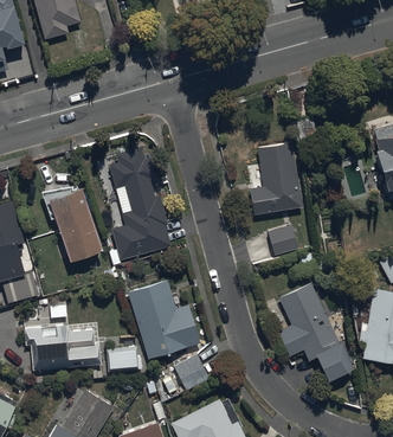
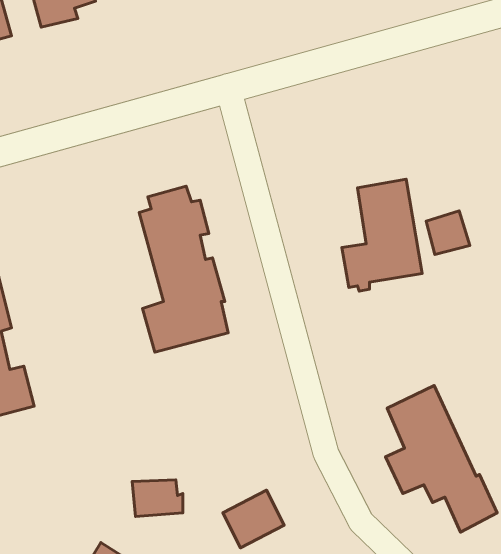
building: [46,185,102,262] -> none
building: [268,224,297,253] -> [426,211,470,254]
building: [128,281,200,356] -> none
building: [22,324,101,369] -> none

